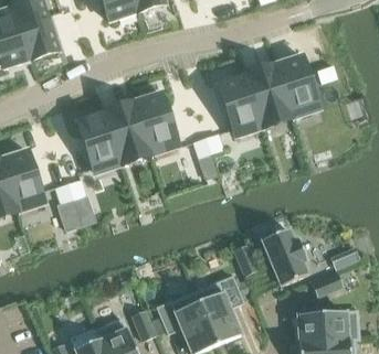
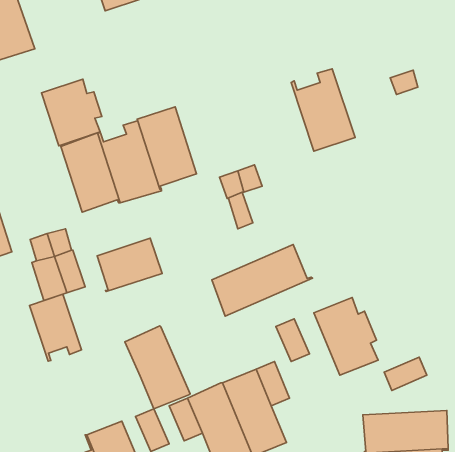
building: [274,55,317,114] -> none
building: none -> [42,79,102,146]
building: [218,74,261,130] -> none
building: none -> [97,238,162,292]
building: none -> [212,244,312,316]
building: none -> [30,294,82,361]
building: none -> [125,326,190,409]

